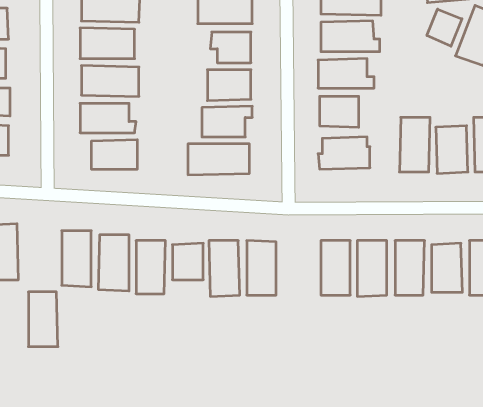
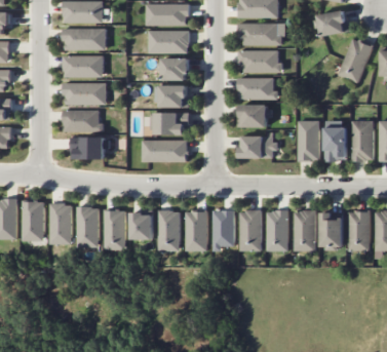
building: [427,9,462,46] -> none
building: none -> [212,209,235,248]
building: [28,292,58,347] -> [24,201,45,241]

